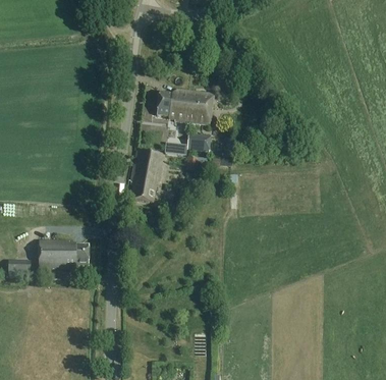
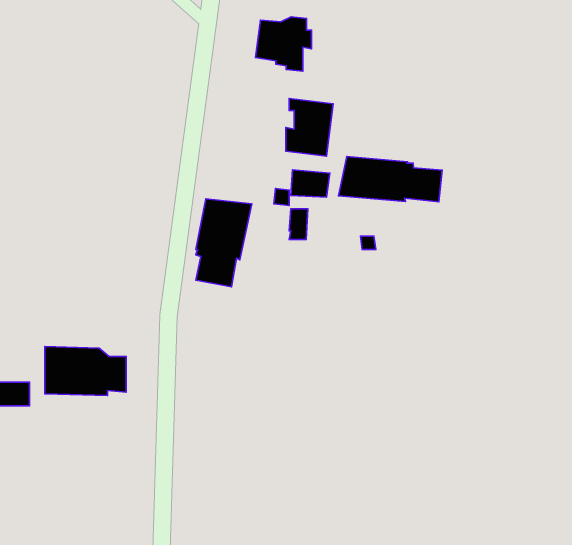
building: [157,89,190,121] -> [255,17,311,71]
building: none -> [339,156,442,202]

